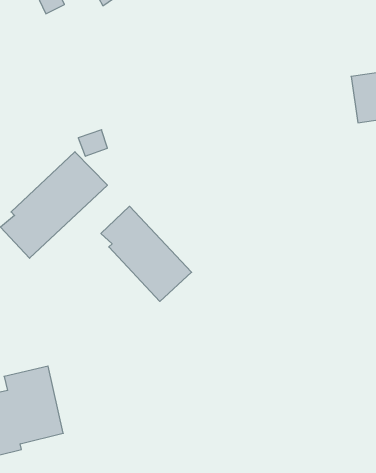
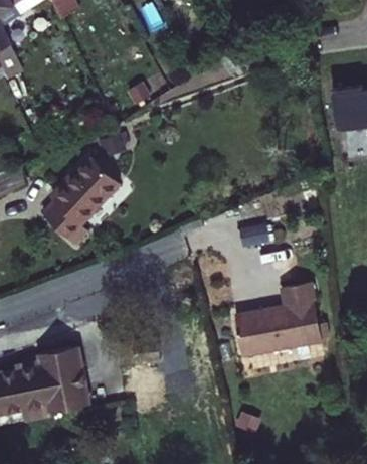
building: [101,206,192,301] -> none
building: none -> [235,282,324,357]

